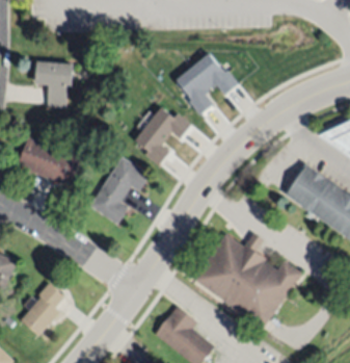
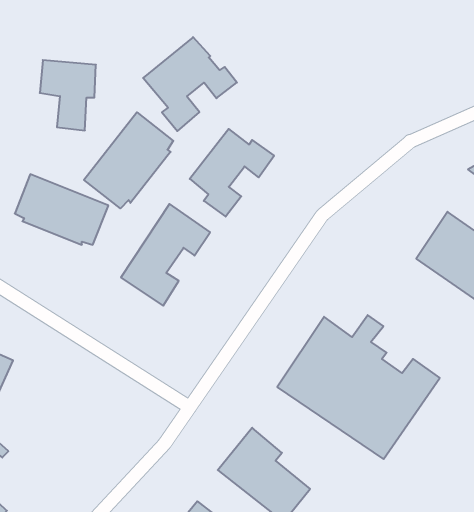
building: [174,52,237,114] -> [143,37,237,131]
building: none -> [84,112,173,208]
building: [21,283,64,336] -> none

